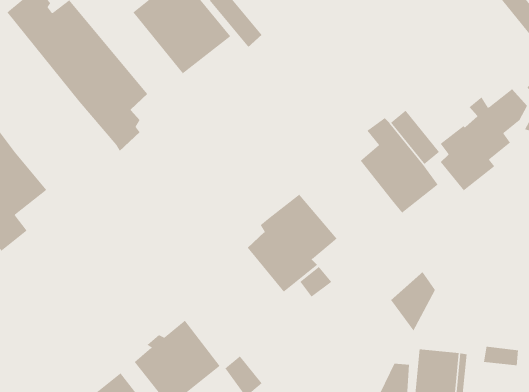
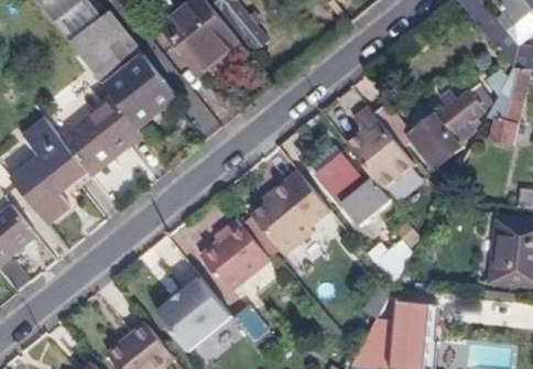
building: none -> [58,95,142,174]
building: none -> [316,156,390,224]
building: none -> [200,220,270,292]

